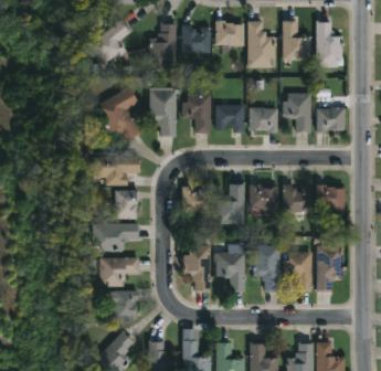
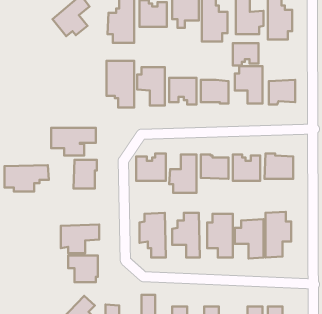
building: none -> [233,43,258,65]
building: [96,86,138,139] -> none
building: [94,223,140,251] -> [4,165,49,192]

